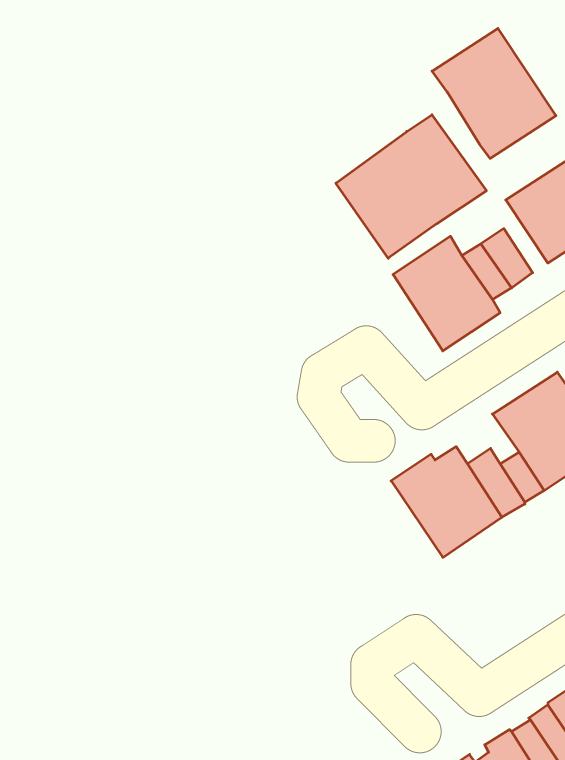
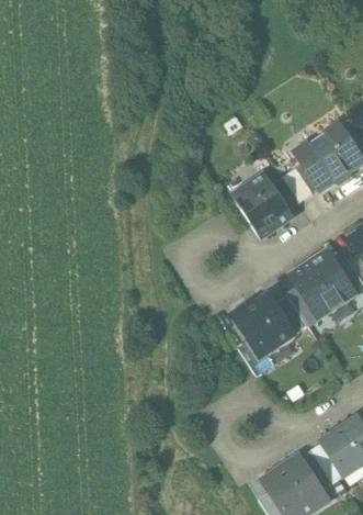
building: [432,28,556,158] -> none
building: [336,115,486,258] -> none

